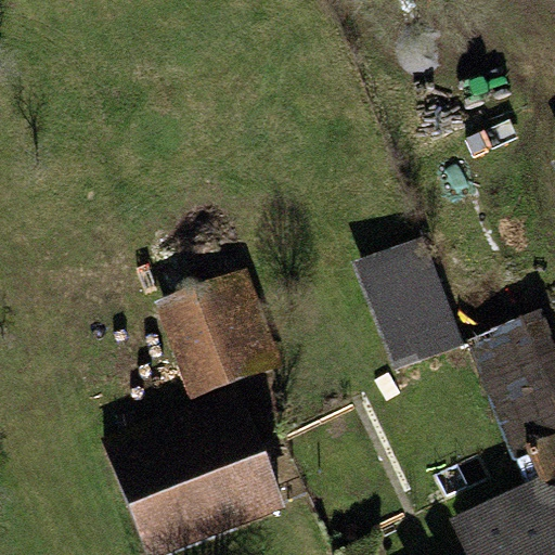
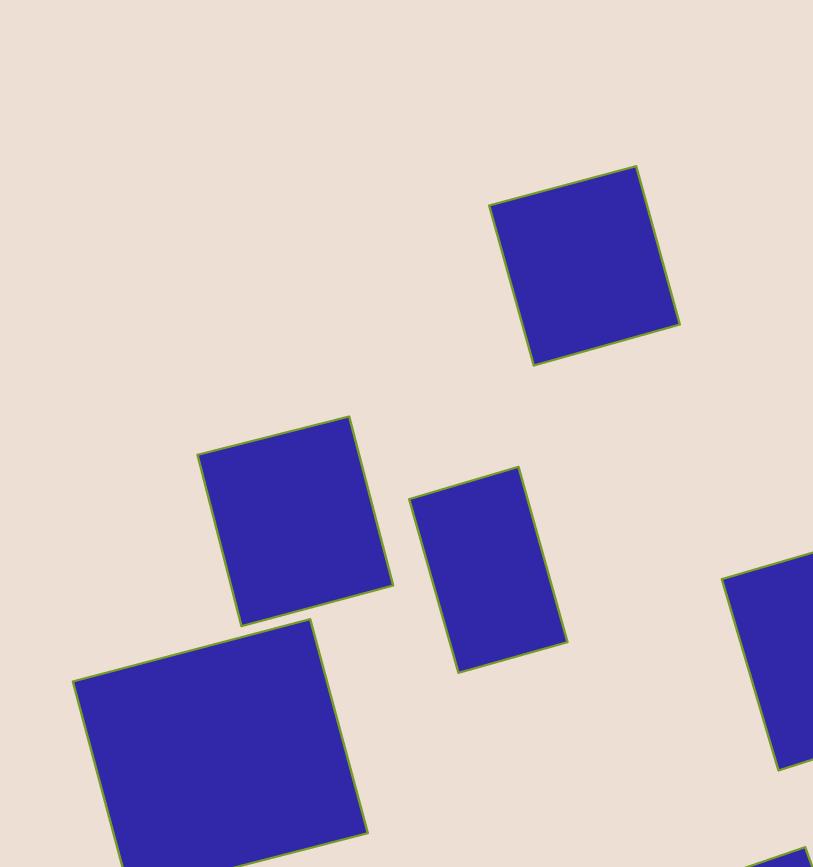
building: none -> [489,166,680,365]
building: [361,241,462,363] -> [409,467,568,673]

